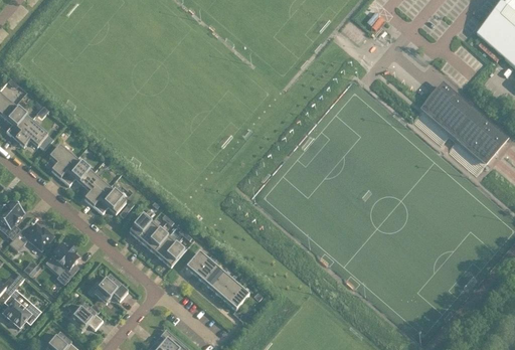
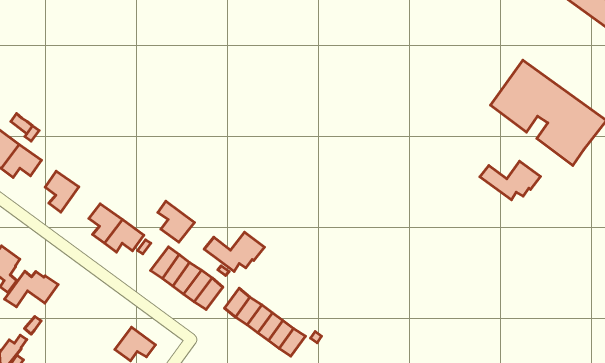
building: [60,157,93,183] -> none
building: none -> [480,161,541,200]
building: none -> [158,201,195,242]
building: none -> [204,232,264,272]
building: [52,241,79,283] -> none

